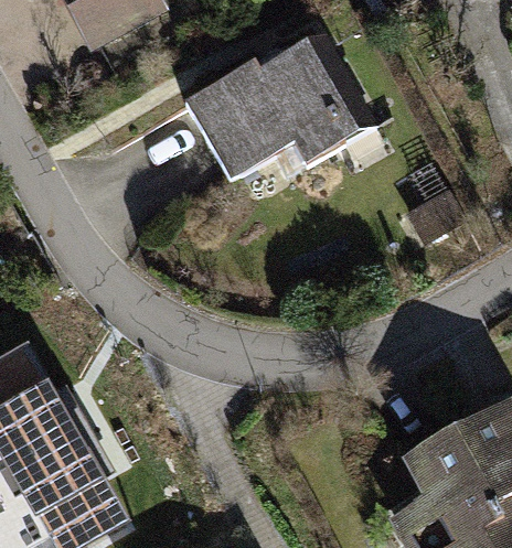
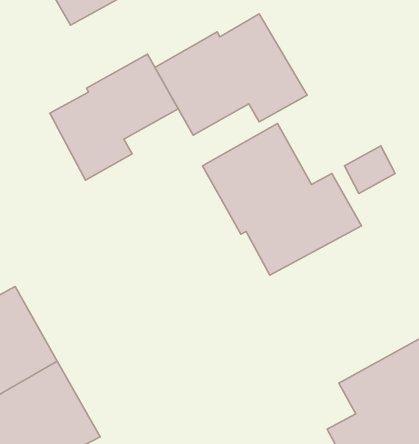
building: none -> [50,54,178,180]
building: none -> [203,123,362,275]

